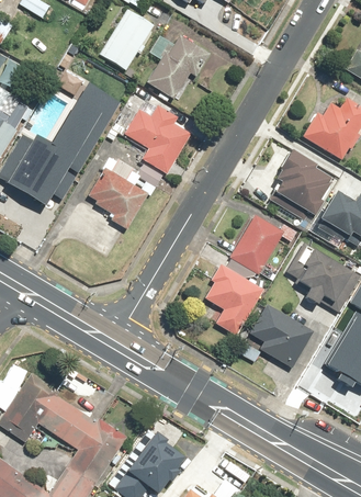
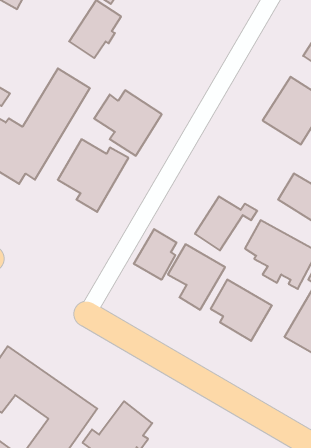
building: [145,31,214,100] -> none
building: [270,148,337,221] -> none
building: none -> [134,229,176,280]

